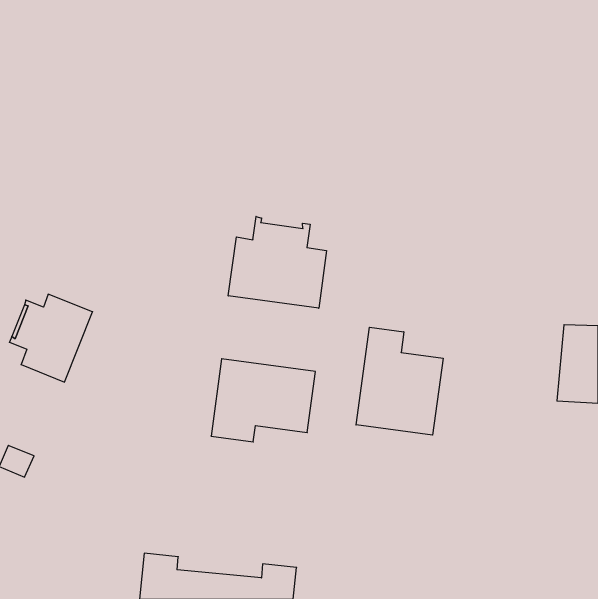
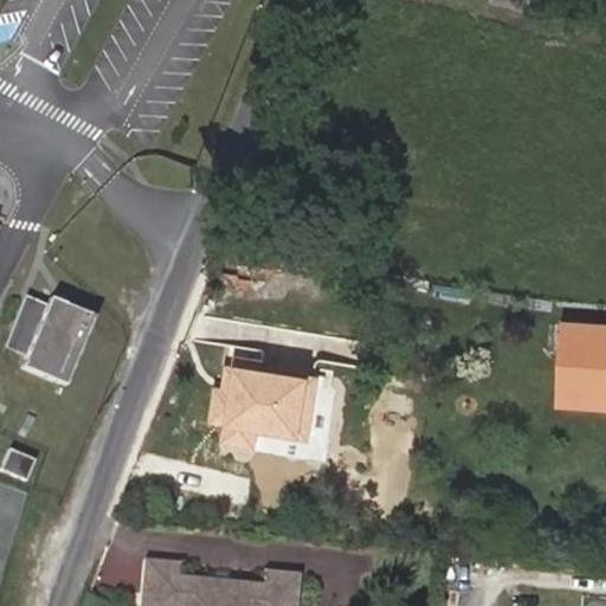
building: [228,216,326,308] -> none
building: [356,327,443,435] -> none

